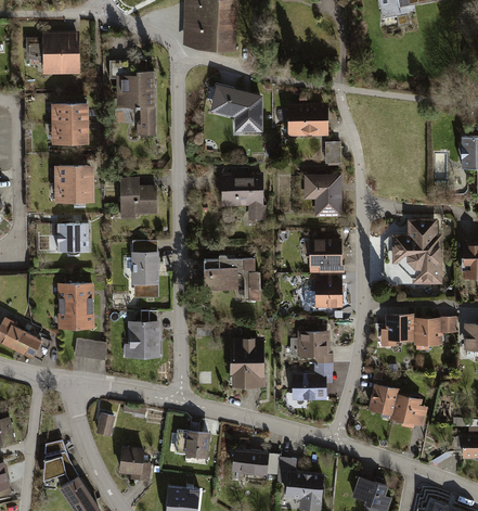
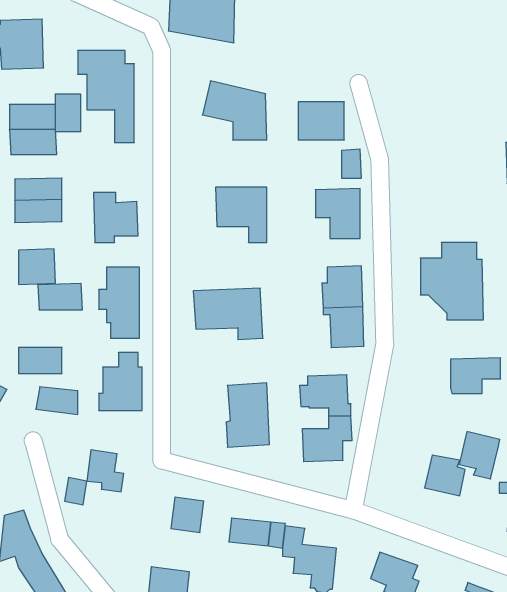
building: none -> [55,94,81,132]
building: [57,284,94,306] -> [38,283,82,310]
building: [379,311,415,345] -> none
building: [367,383,401,422] -> [459,432,500,479]
building: [119,447,150,482] -> [87,450,124,492]

